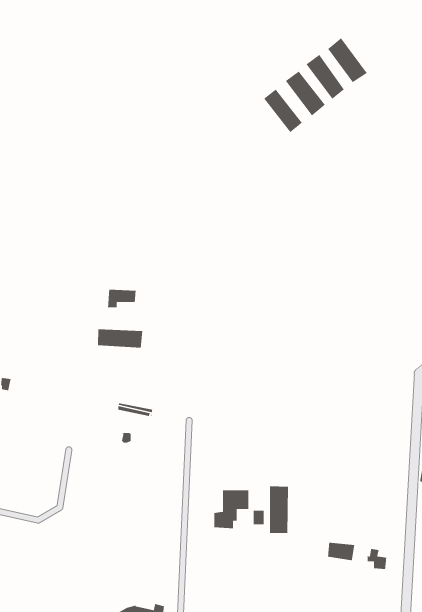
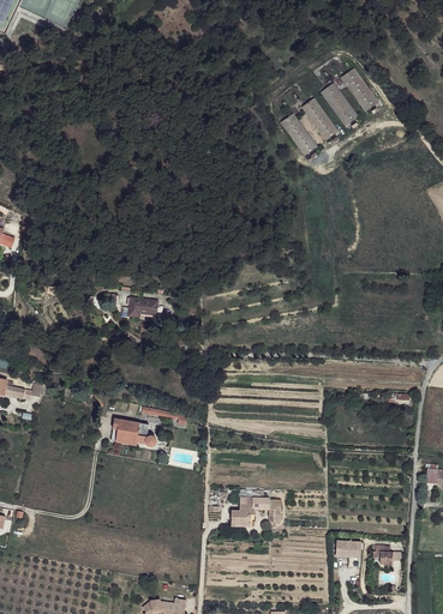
building: [97,328,143,349] -> none
building: none -> [110,419,140,446]
building: [269,485,289,534] -> none

